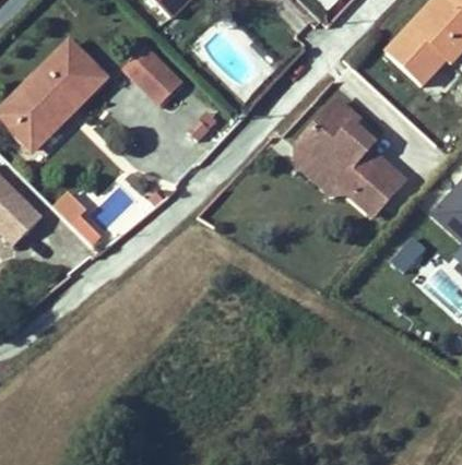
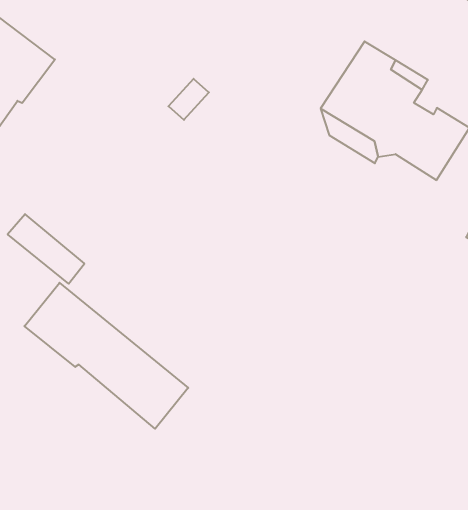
building: [132,52,183,104] -> none
building: none -> [24,283,188,429]

